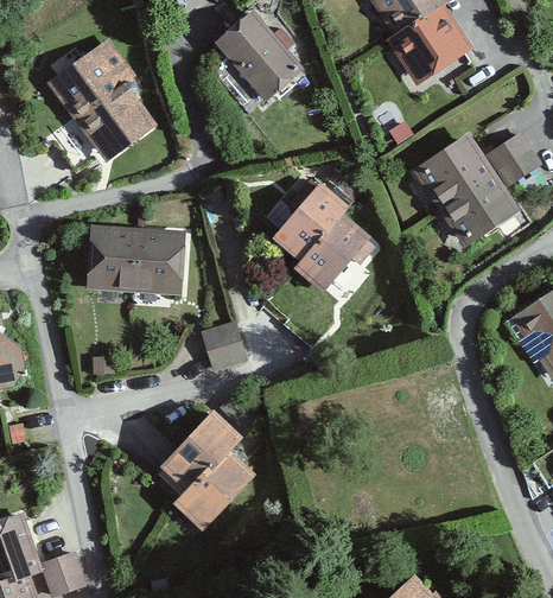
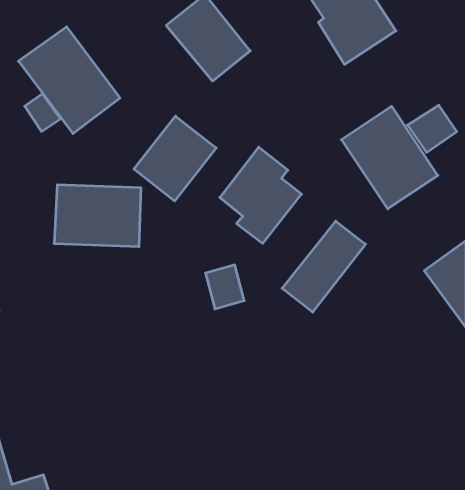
building: none -> [134,116,216,201]
building: none -> [282,221,366,312]
building: [202,323,246,373] -> [205,265,244,309]
building: [160,409,254,527] -> none

